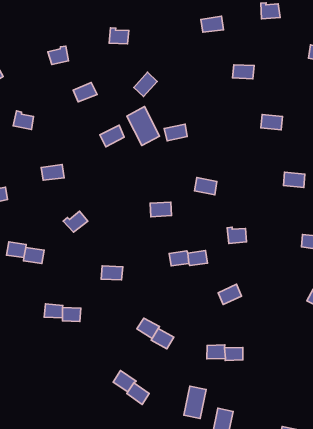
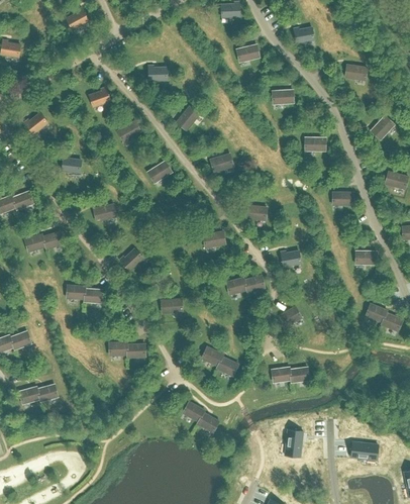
building: [127,107,159,145] -> none
building: [184,386,206,418] -> none

